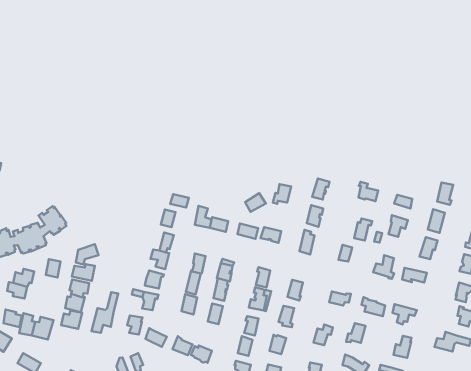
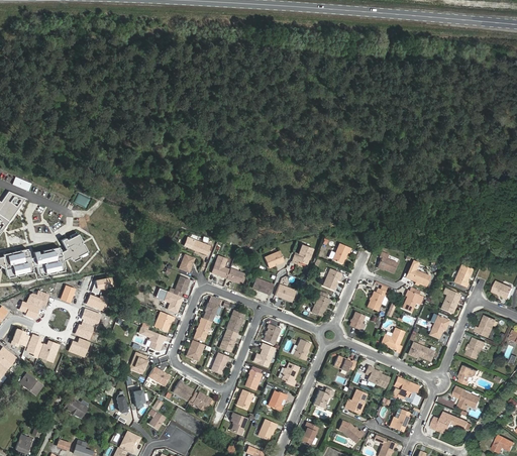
building: [92,292,118,333] -> none

